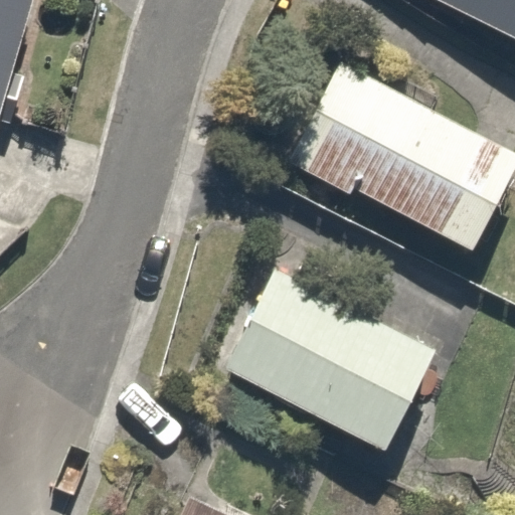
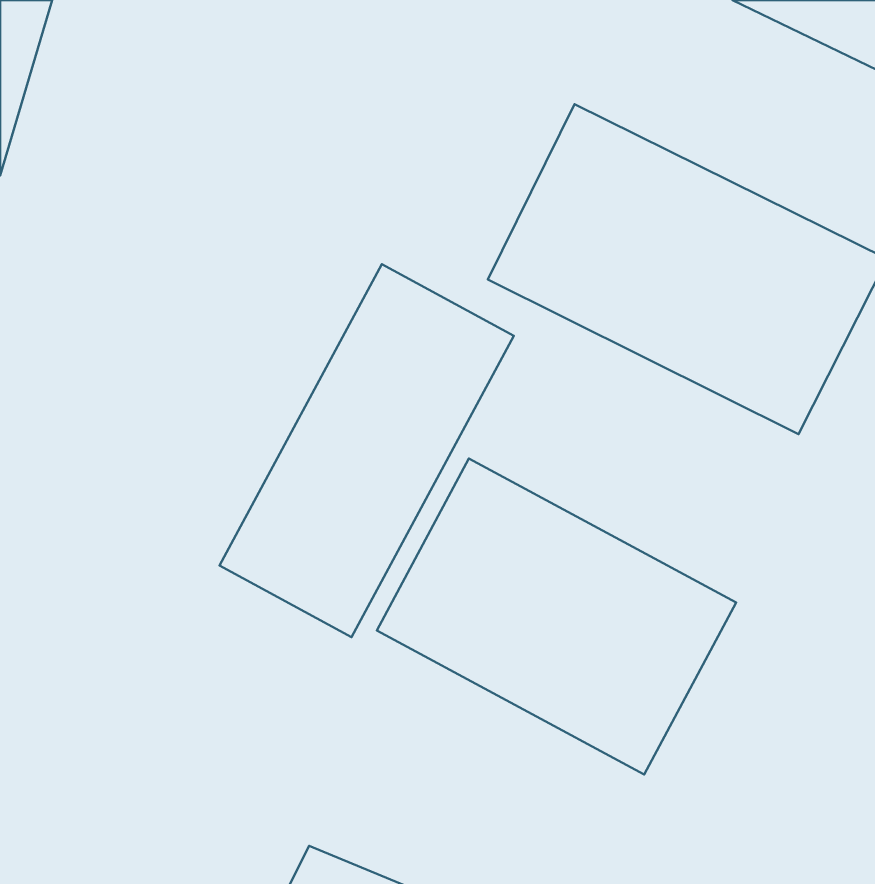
building: none -> [219,264,514,637]

